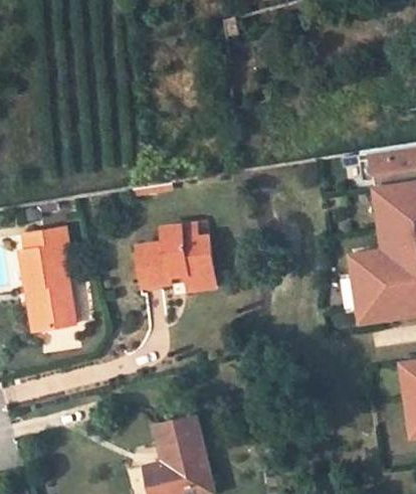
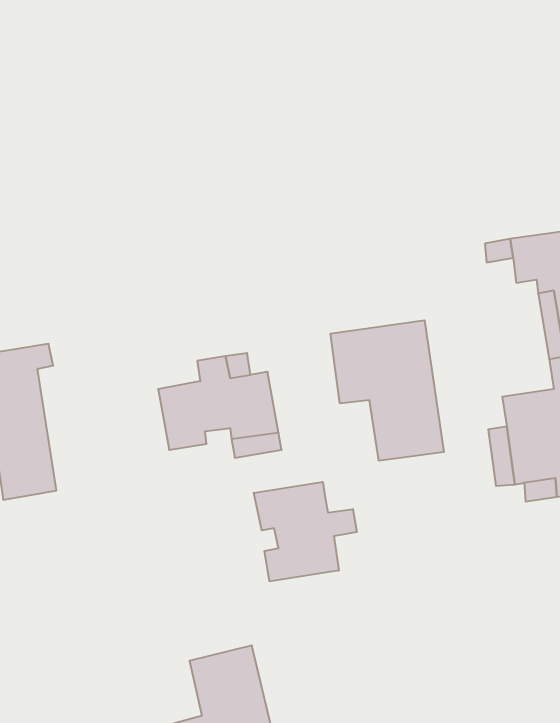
building: none -> [331,320,444,461]
building: none -> [254,482,357,581]

